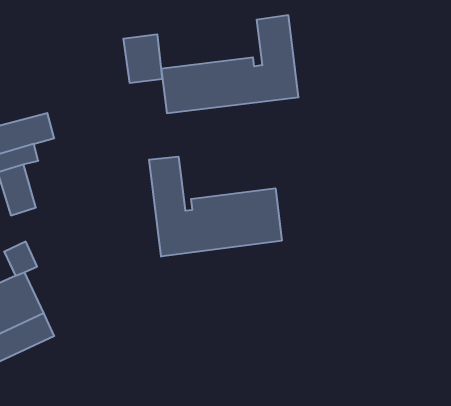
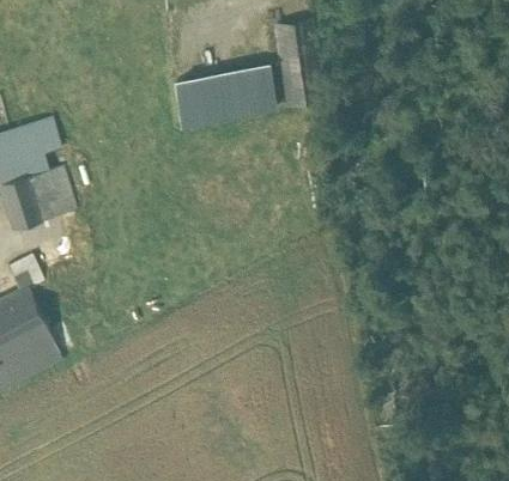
building: [123,34,162,83] -> none
building: none -> [29,169,72,223]
building: [149,157,282,257] -> none

